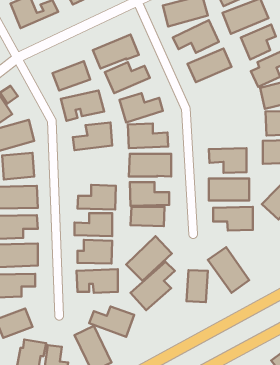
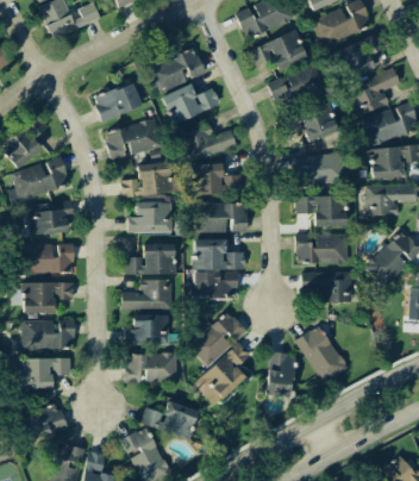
building: none -> [283,105,337,142]
building: none -> [293,151,346,187]
building: none -> [129,202,173,232]

